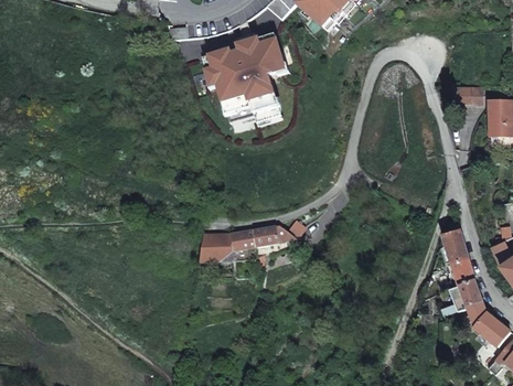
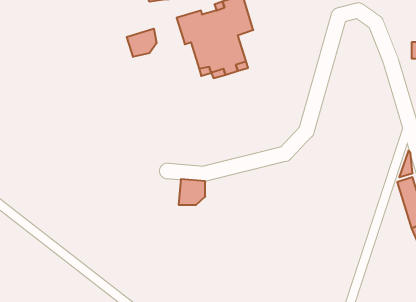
building: none -> [127,29,157,57]
building: [234,223,299,250] -> none

